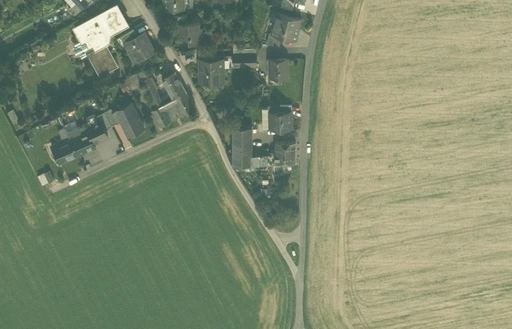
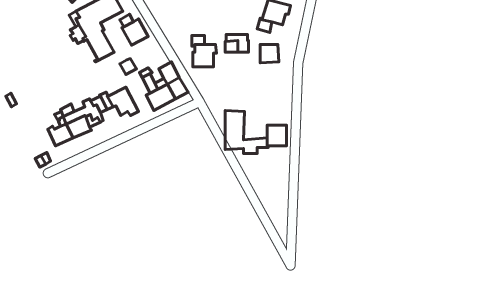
building: [172,23,201,45] -> none
building: [269,113,291,131] -> none

